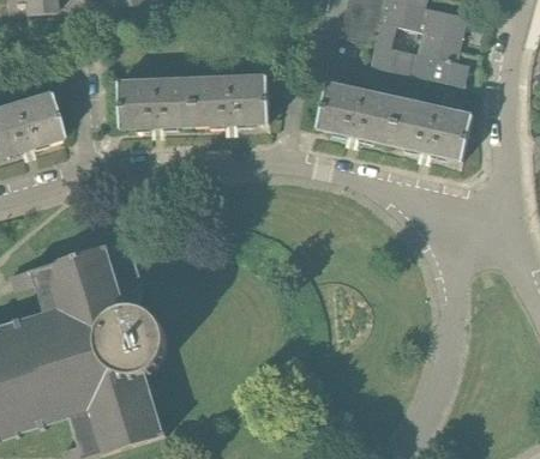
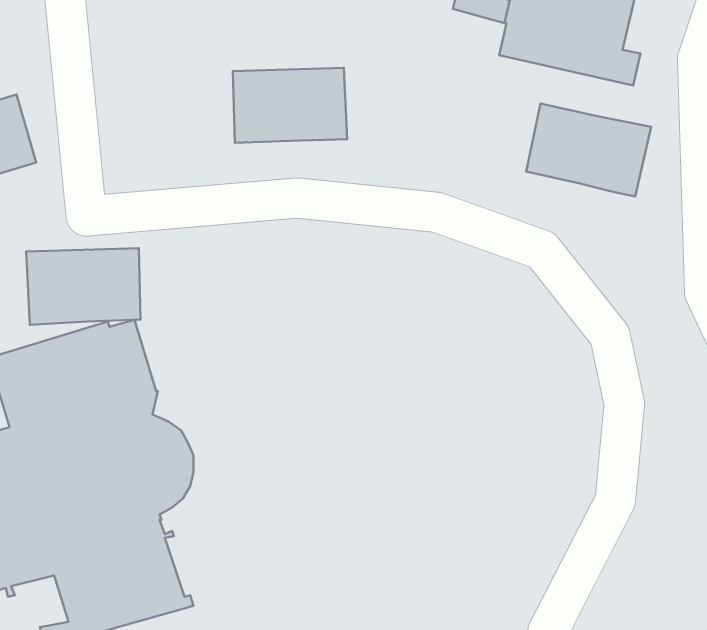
building: [118,77,194,128] -> [26,248,141,325]
building: [317,81,400,144] -> none

